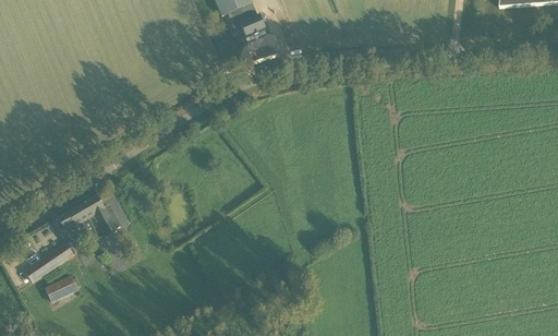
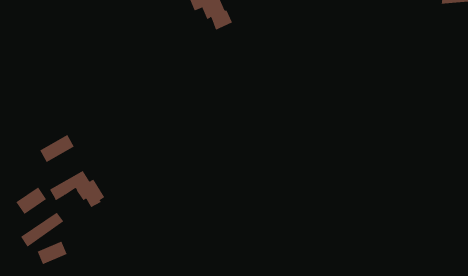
building: none -> [40,134,75,163]
building: none -> [16,186,47,215]

